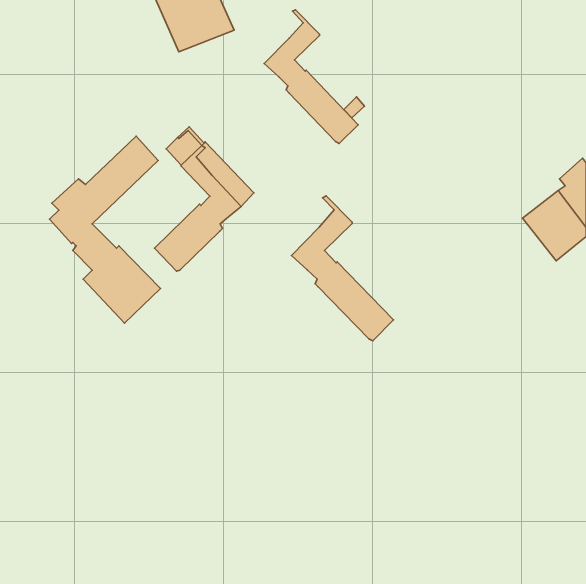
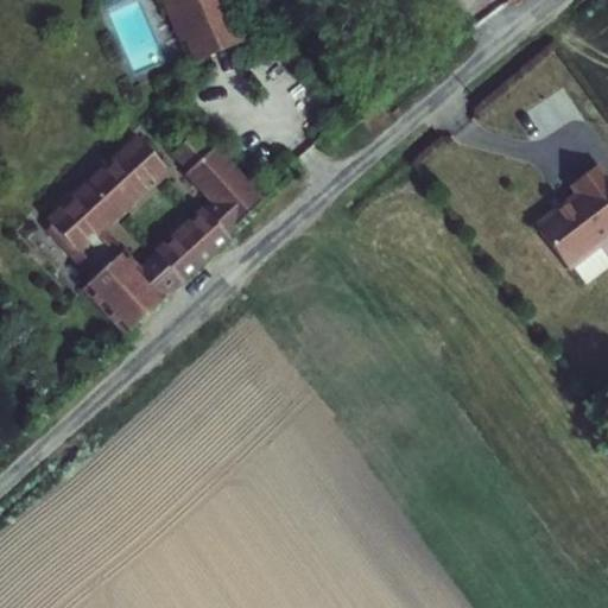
building: [264,10,358,144] -> none
building: [292,196,394,341] -> none

